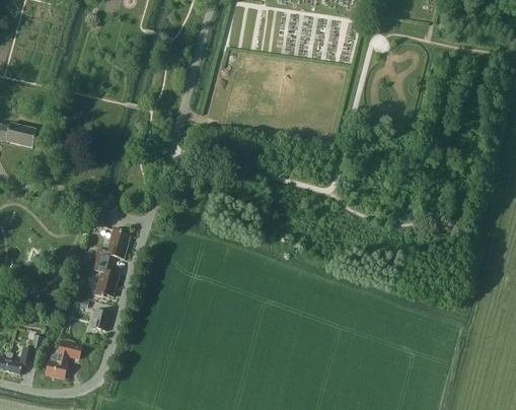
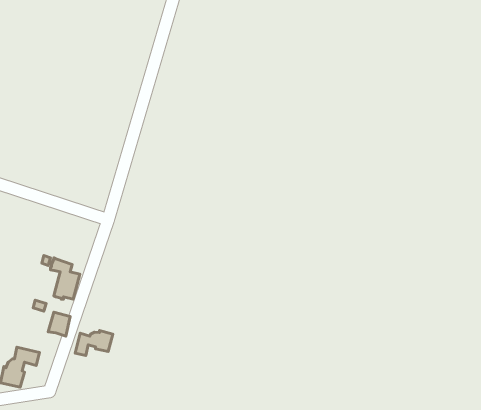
building: [94,226,130,263] -> none
building: none -> [75,330,113,356]

